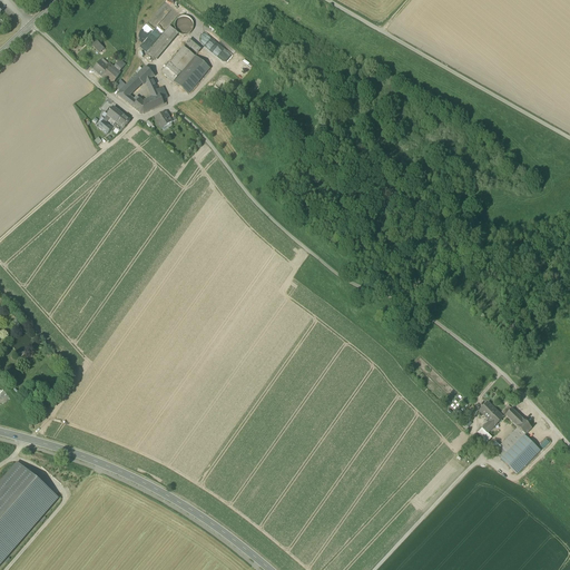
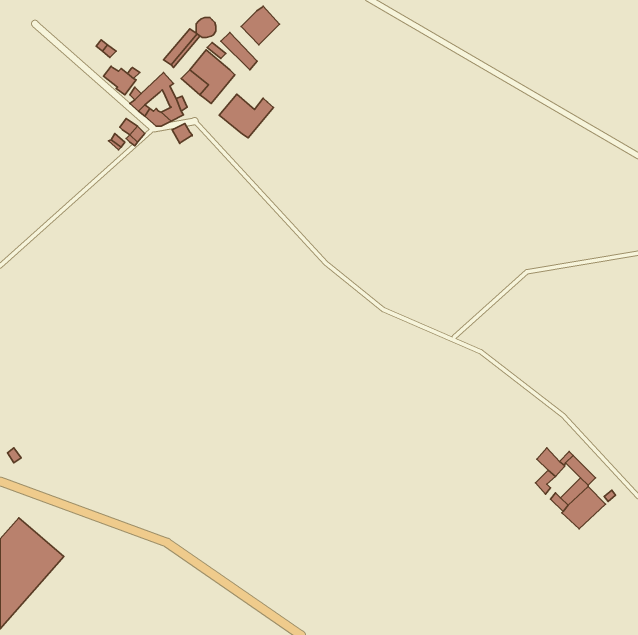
building: none -> [241,6,279,45]
building: none -> [219,94,273,138]

